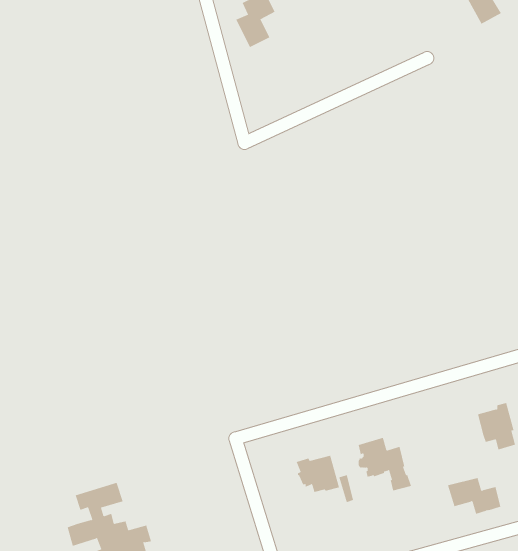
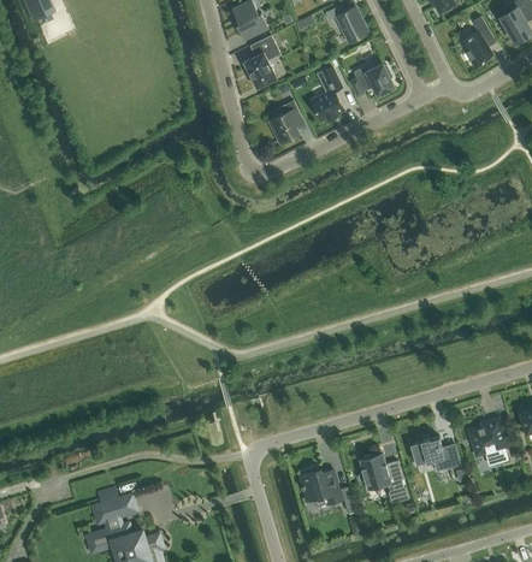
building: none -> [349,64,394,97]
building: none -> [311,67,343,122]
building: none -> [273,101,303,144]
building: [447,477,501,515] -> [409,437,460,472]

